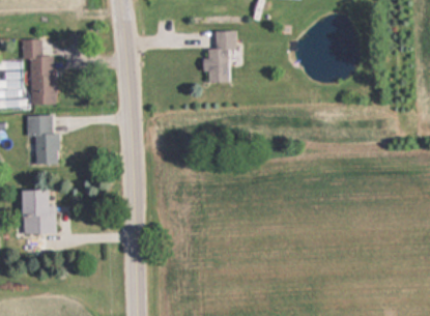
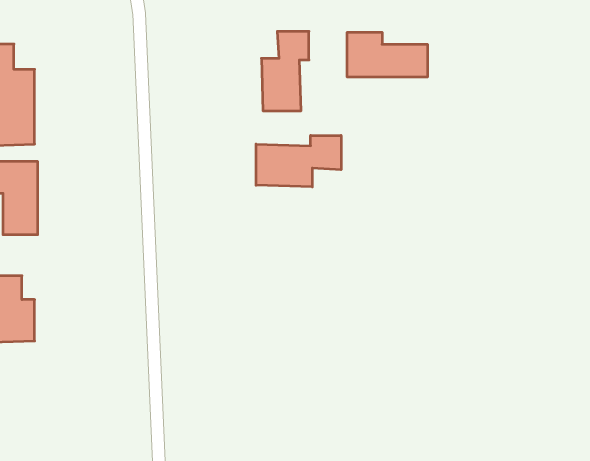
building: none -> [347,32,427,77]
building: none -> [256,135,341,187]

